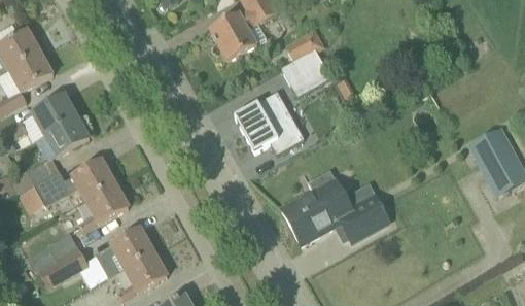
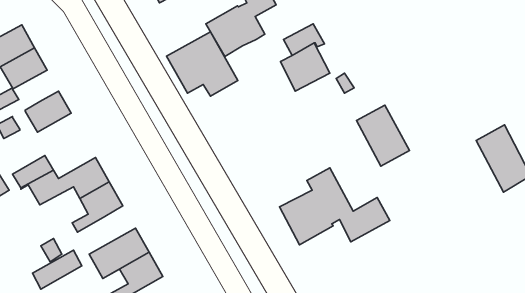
building: [234,91,304,154] -> [166,32,238,96]
building: none -> [356,105,410,166]
building: [44,115,90,157] -> none

